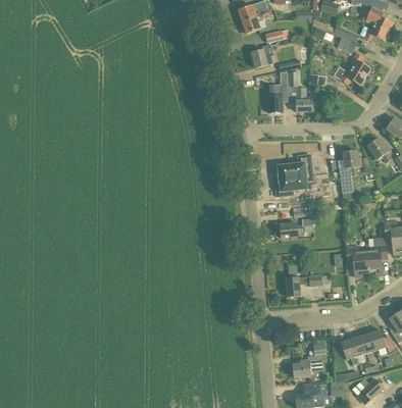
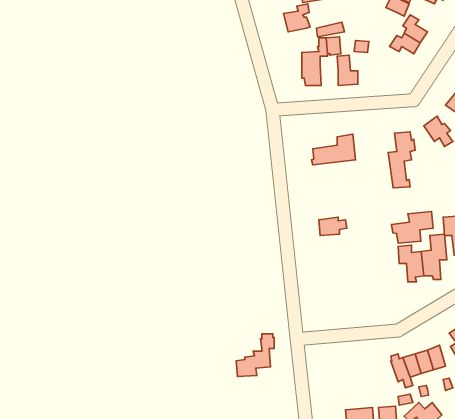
building: [272,173,311,197] -> none
building: none -> [392,212,433,243]
building: [286,269,321,296] -> none
building: [293,341,324,376] -> [236,334,274,377]

